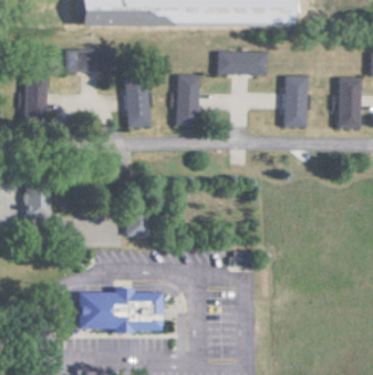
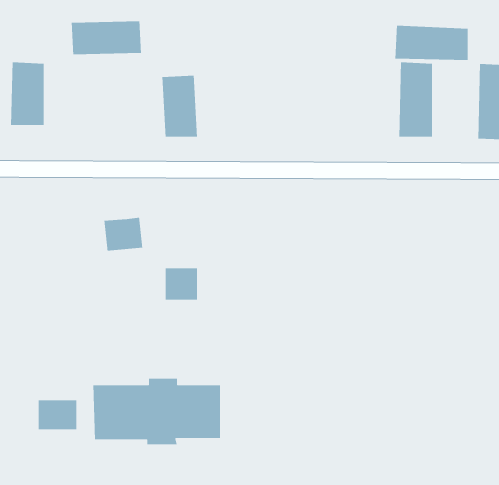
building: [217,50,267,74] -> [394,25,469,61]
building: [176,74,199,124] -> none
building: [24,192,51,216] -> [104,217,143,252]
building: none -> [38,400,77,430]

